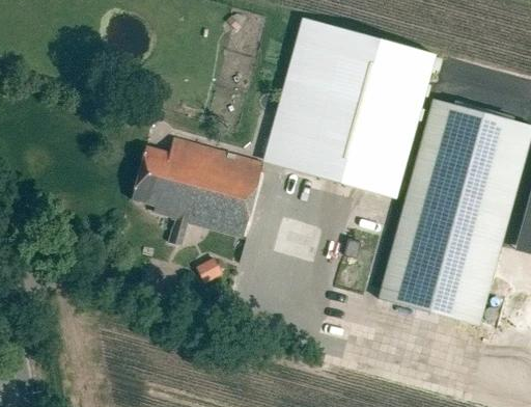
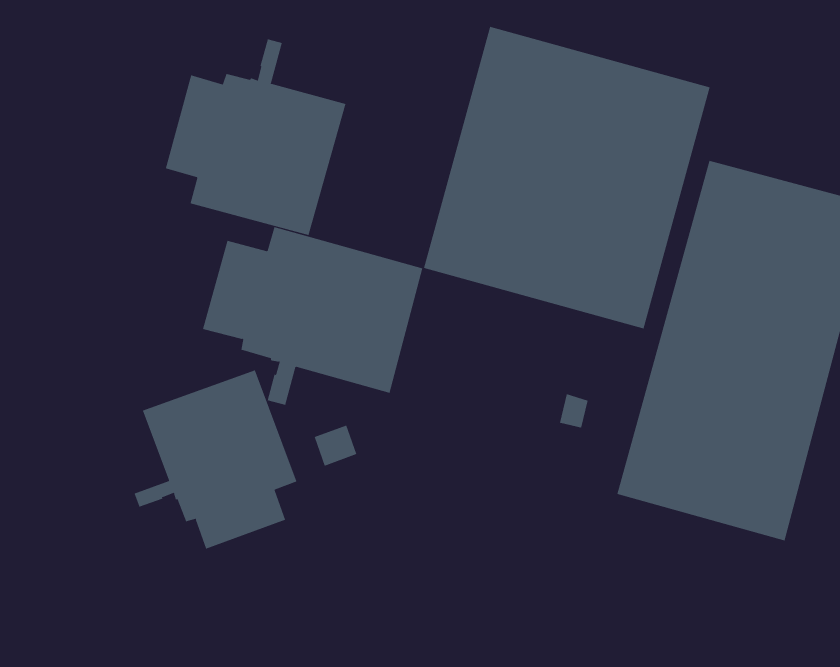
building: none -> [165,38,346,236]
building: none -> [134,369,297,550]

